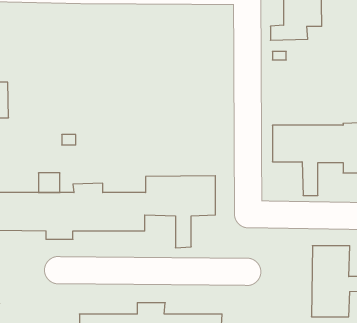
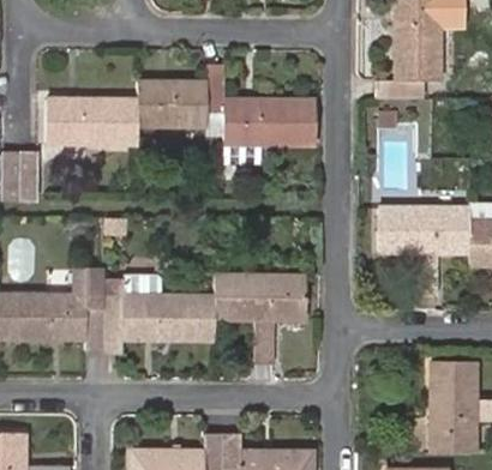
building: none -> [48,66,314,147]

